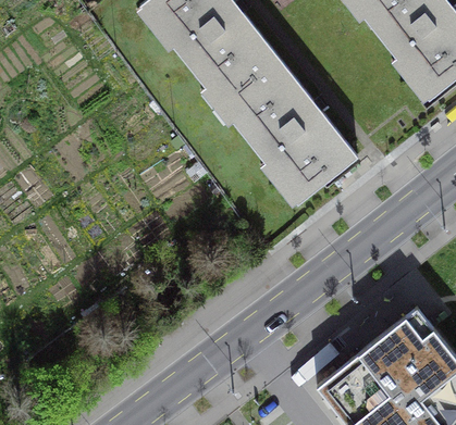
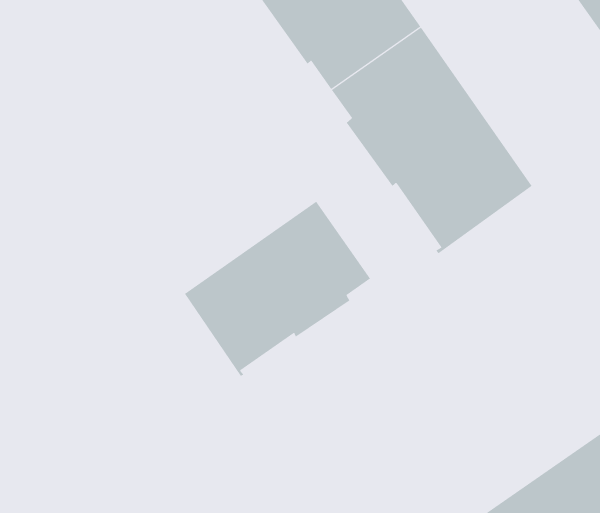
building: none -> [184,201,371,377]

